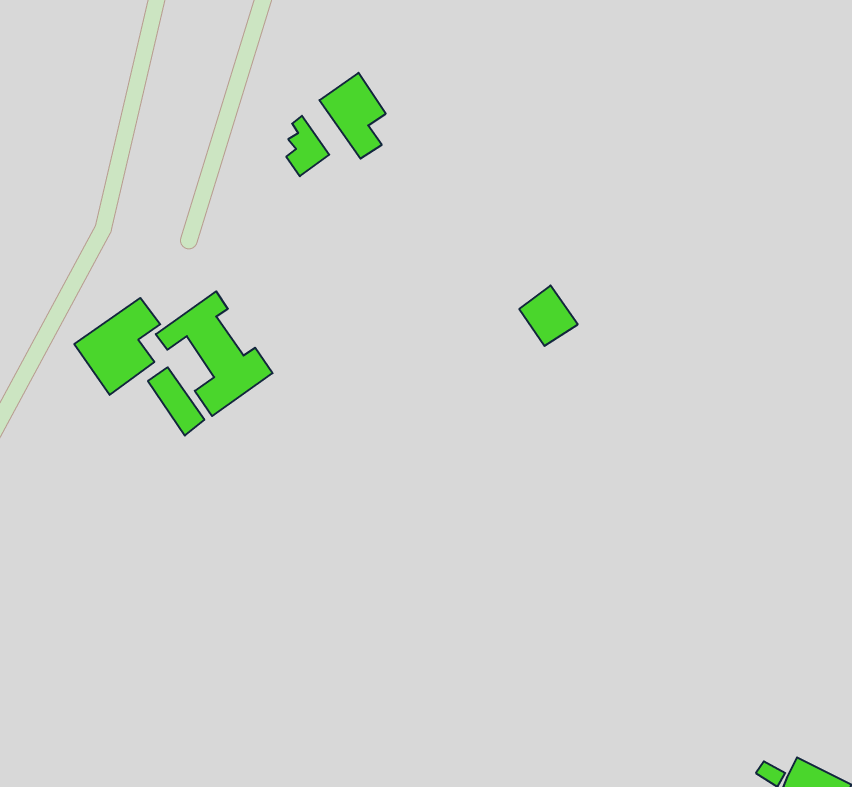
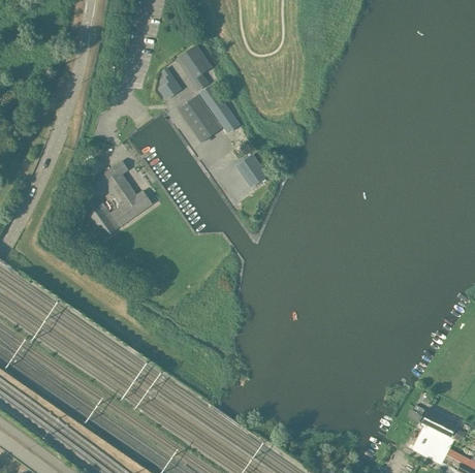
building: none -> [178,86,240,144]
building: [519,285,578,346] -> [236,155,267,187]
building: [74,298,160,395] -> none

